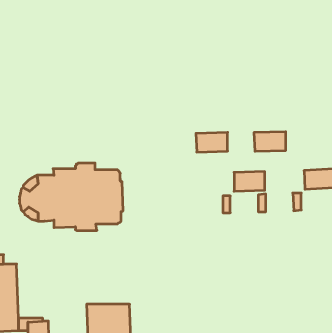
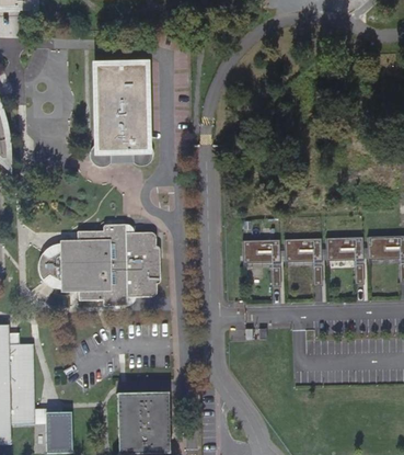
building: none -> [86,58,153,168]
building: [254,132,286,151] -> [328,236,366,259]
building: [196,132,228,152] -> [245,238,282,261]

